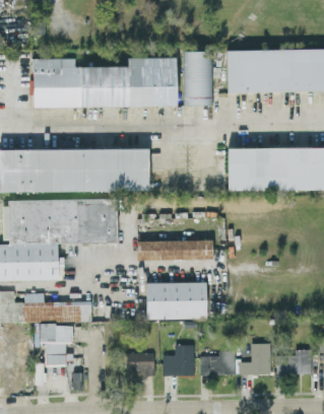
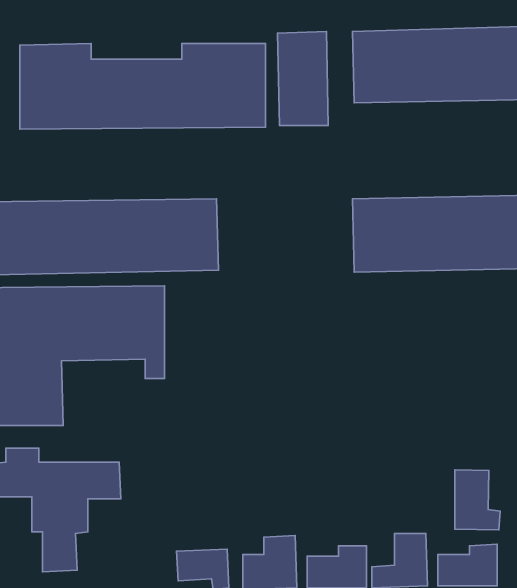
building: [137,239,213,261] -> none
building: [146,282,207,320] -> none
building: none -> [455,470,500,530]

